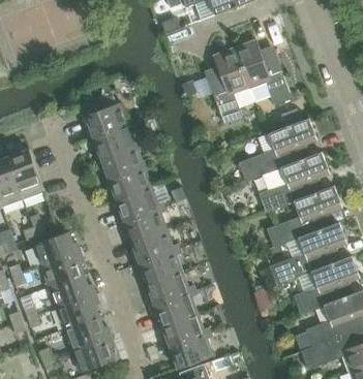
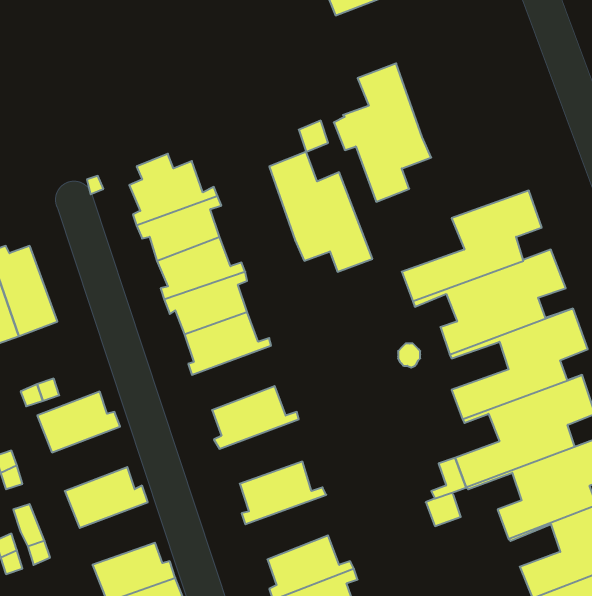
building: [234,39,292,106] -> [269,152,372,272]
building: [119,206,165,242] -> none
building: [134,247,181,283] -> none
building: [40,251,83,287] -> none
building: [149,289,196,325] -> none
building: [56,293,98,328] -> none

